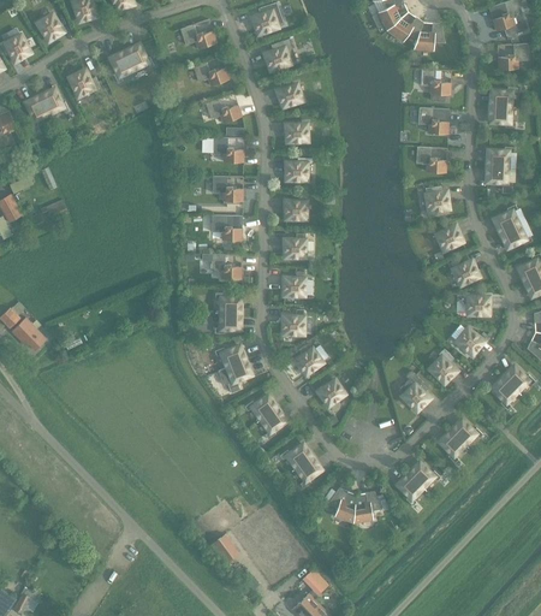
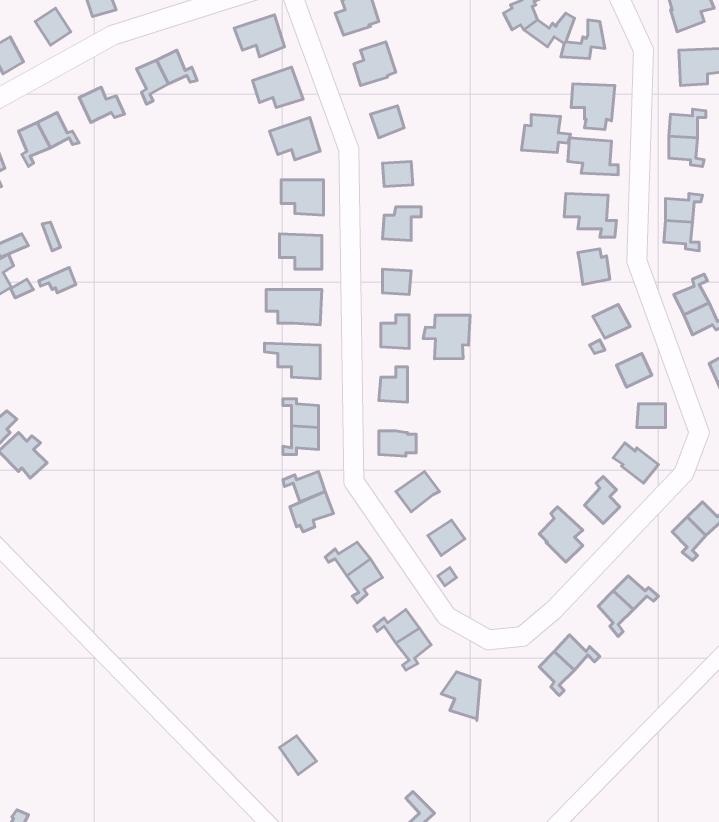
building: none -> [522,114,571,153]
building: none -> [423,315,470,359]
building: [350,490,379,522] -> none

